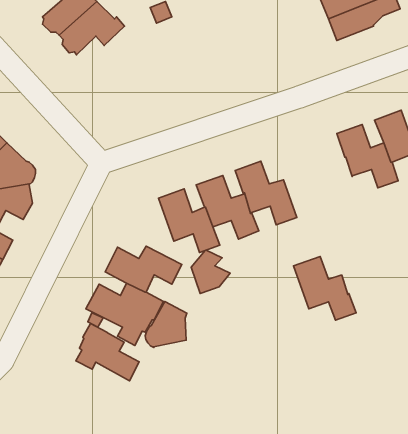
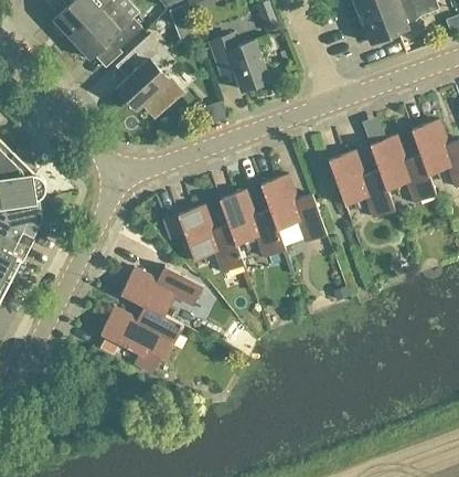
building: none -> [117,34,181,116]
building: none -> [210,34,268,91]
building: [191,250,230,294] -> none
building: [294,257,356,320] -> [328,150,395,219]
building: [145,301,187,348] -> none
building: [76,323,139,381] -> none

